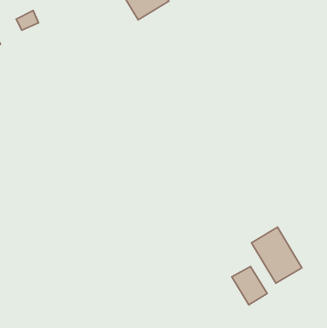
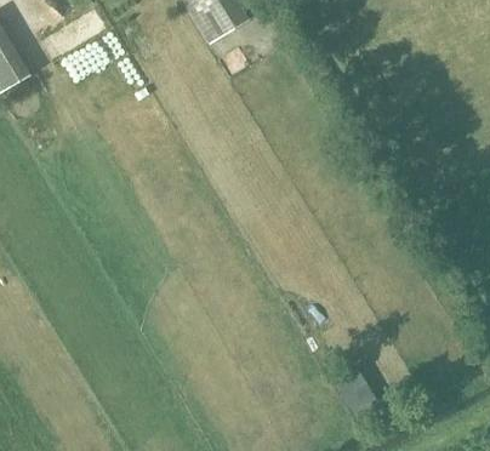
building: [252,227,302,283] -> none

